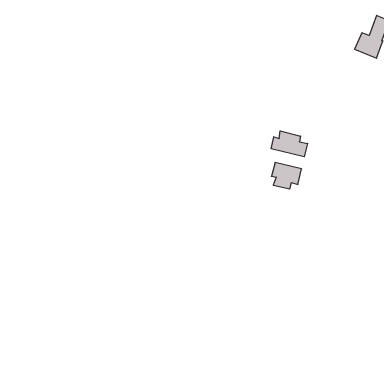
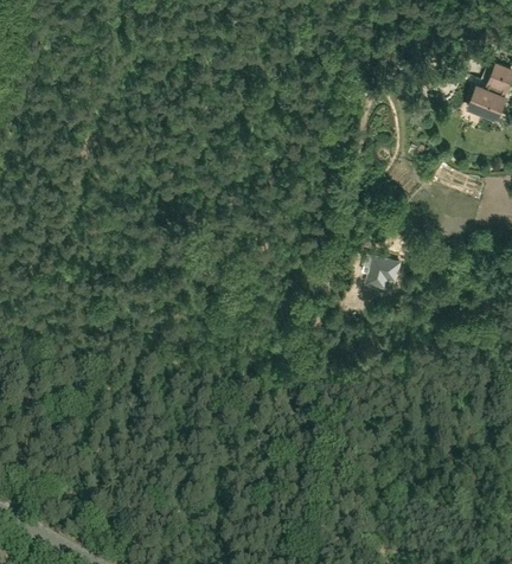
building: [271,131,308,157] -> none

